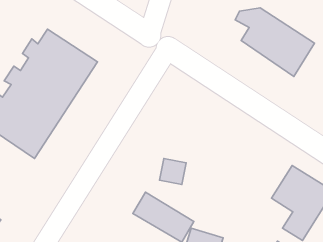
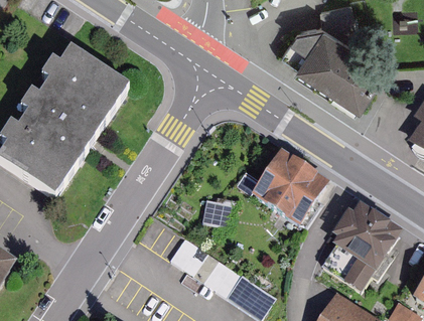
building: none -> [249,148,327,225]

